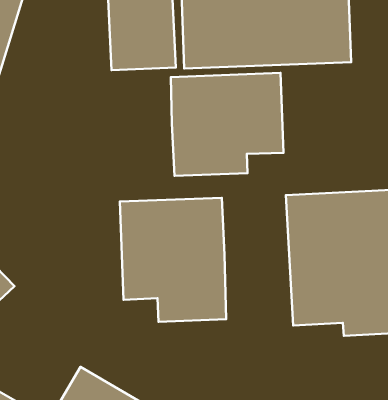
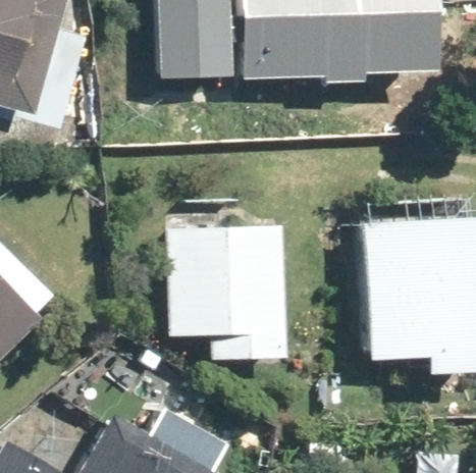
building: [171,73,284,176] -> none

